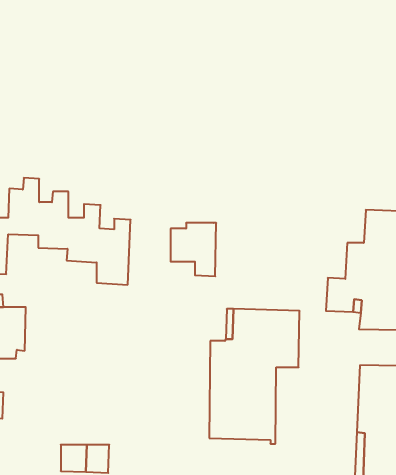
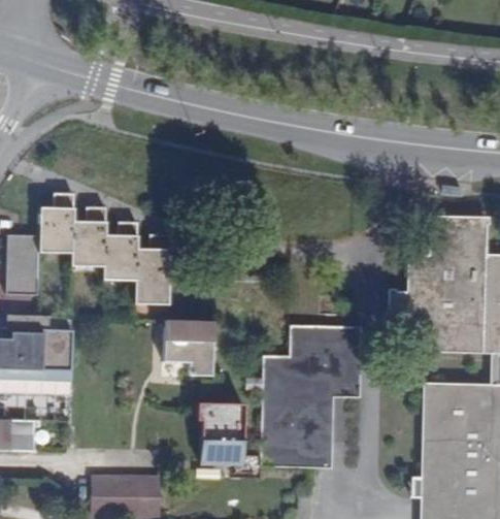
building: [171,223,216,276] -> [161,319,209,376]
building: none -> [196,403,242,460]

